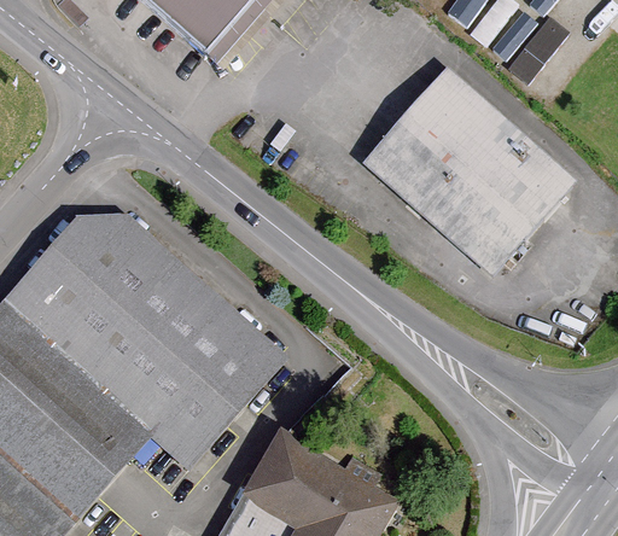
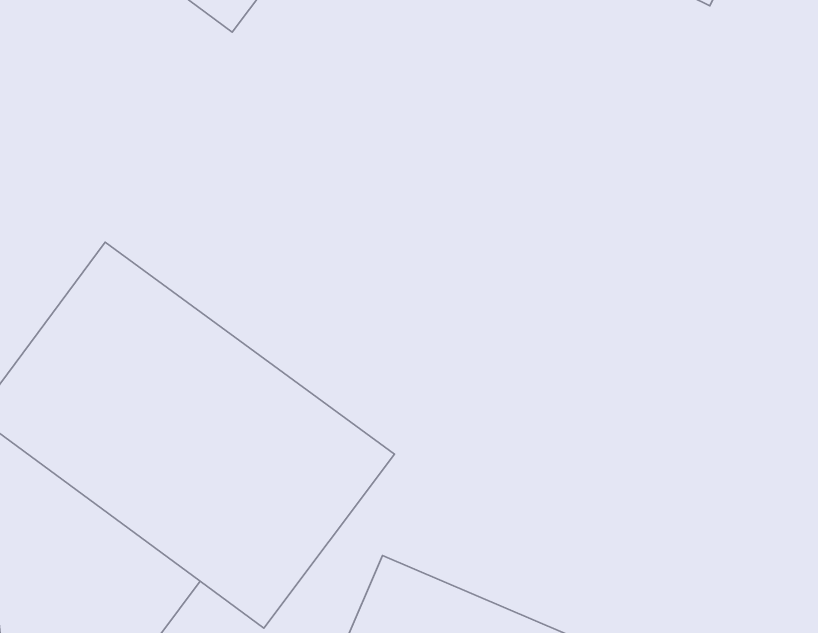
building: [363,71,569,274] -> none

